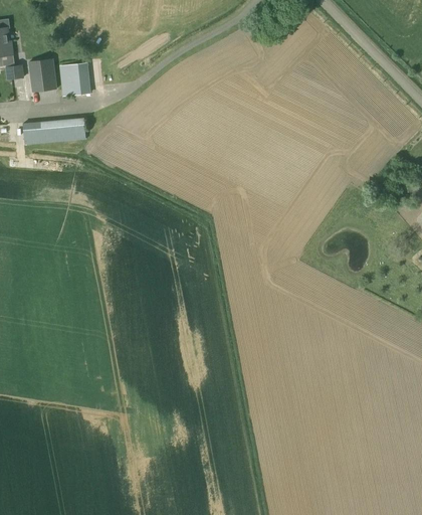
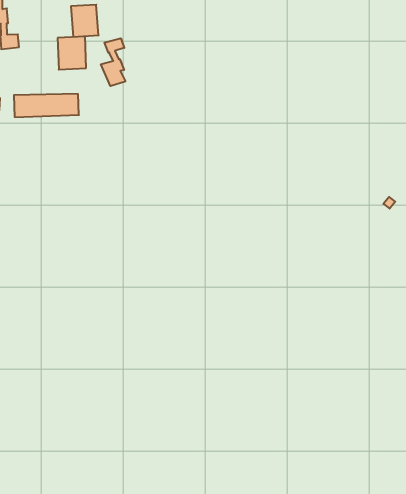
building: [29,59,57,92] -> [71,5,99,37]
building: none -> [101,38,125,86]

